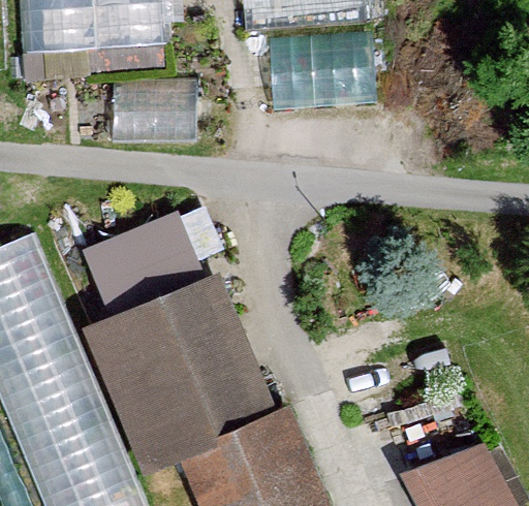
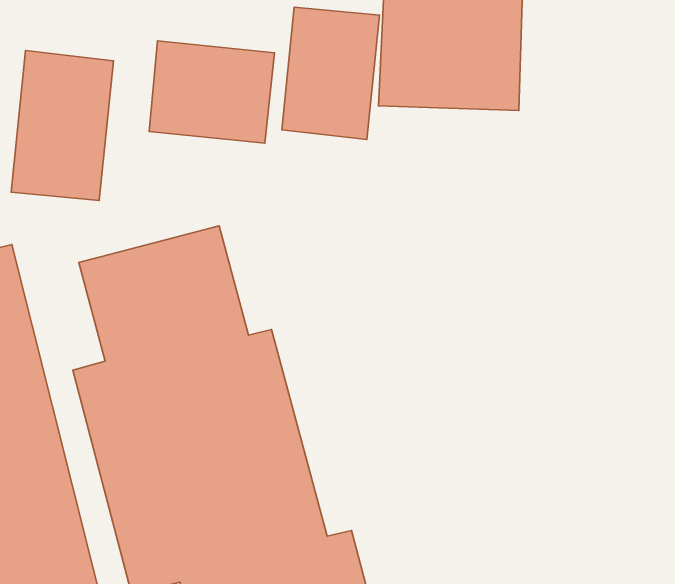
building: none -> [282,7,380,139]
building: none -> [11,51,113,201]

